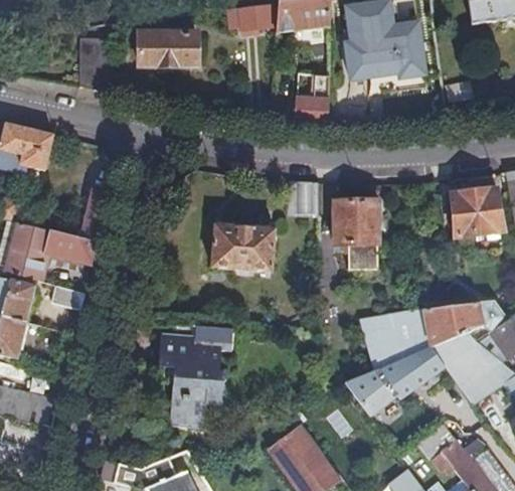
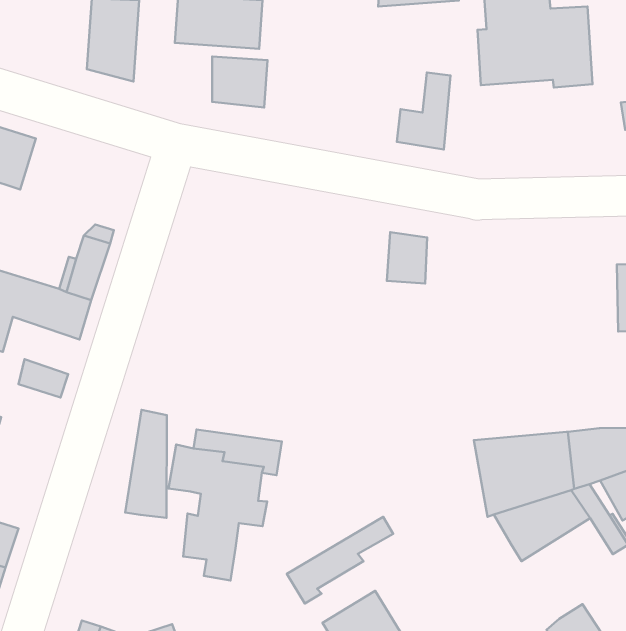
building: none -> [212,56,268,107]
building: [333,201,378,270] -> none
building: [210,225,275,273] -> none
building: none -> [125,410,167,518]
building: [345,368,392,408] -> none
building: none -> [287,517,393,604]

